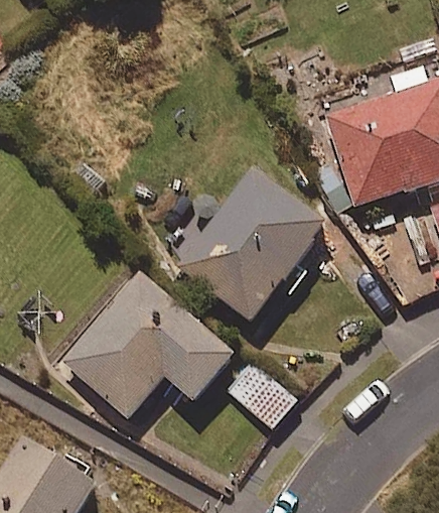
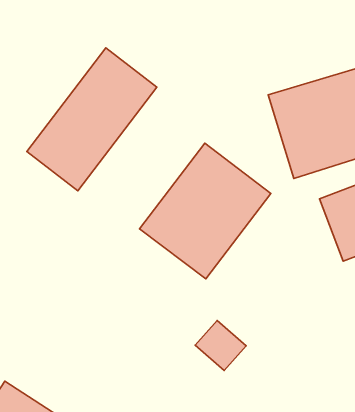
building: none -> [27,48,157,191]
building: [60,270,235,418] -> none

